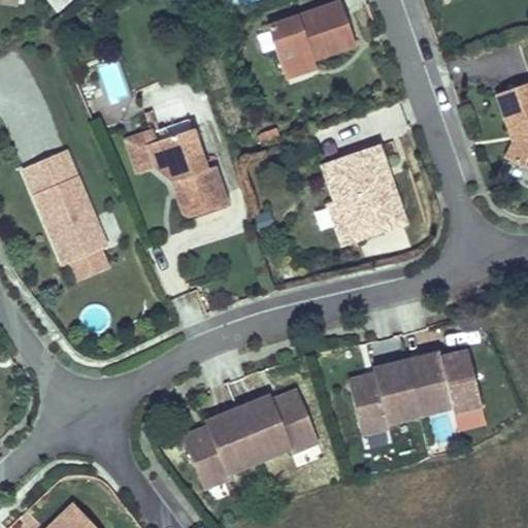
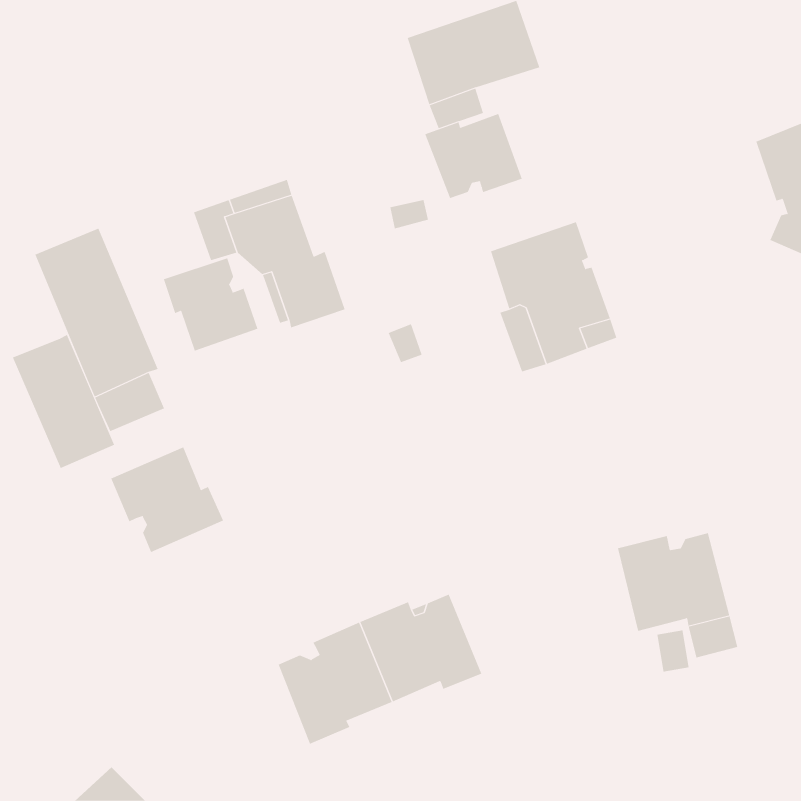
building: none -> [425,113,523,199]
building: none -> [163,257,258,352]
building: none -> [12,334,115,469]
building: none -> [110,447,224,553]
building: [349,360,420,434] -> none

